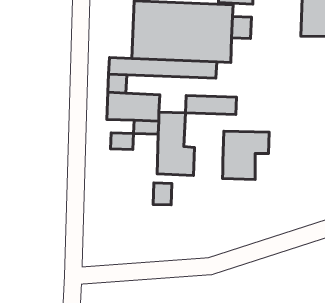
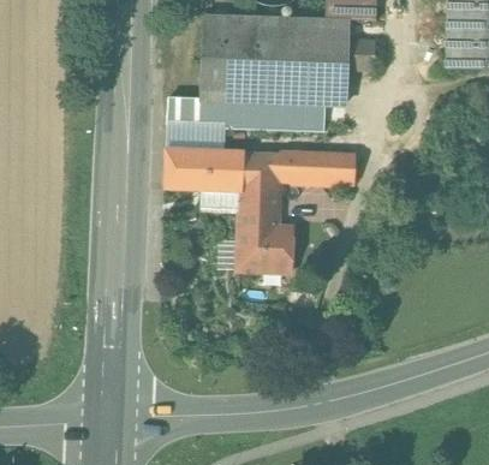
building: none -> [240,151,280,178]
building: [222,131,269,179] -> none
building: [111,133,133,150] -> none
building: [153,183,172,205] -> none

